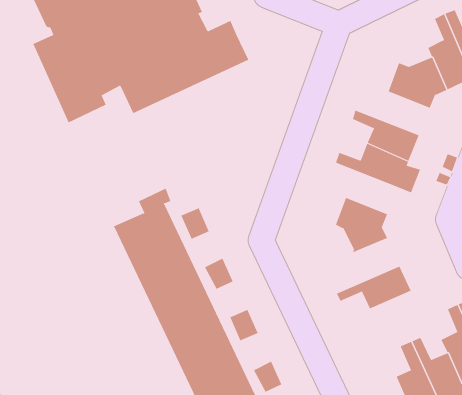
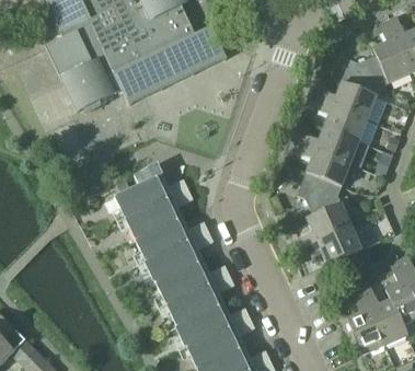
building: none -> [314,83,377,119]
building: none -> [293,142,350,185]
building: none -> [295,205,351,251]

